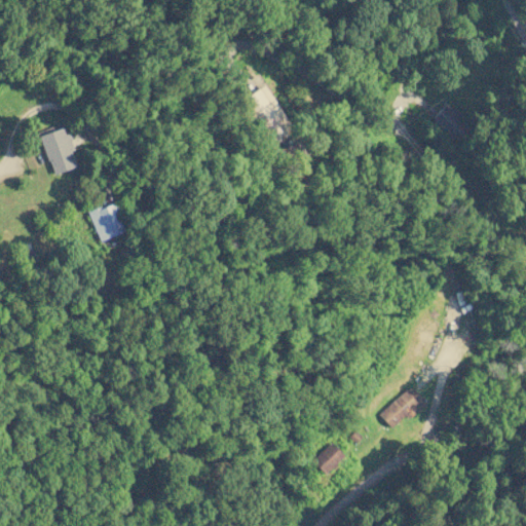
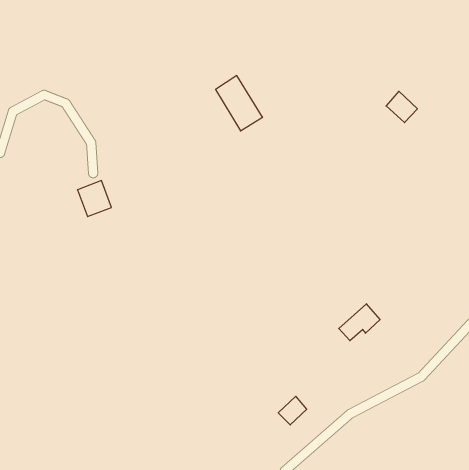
building: [41,128,77,176] -> none
building: [379,387,425,428] -> [339,304,380,341]

